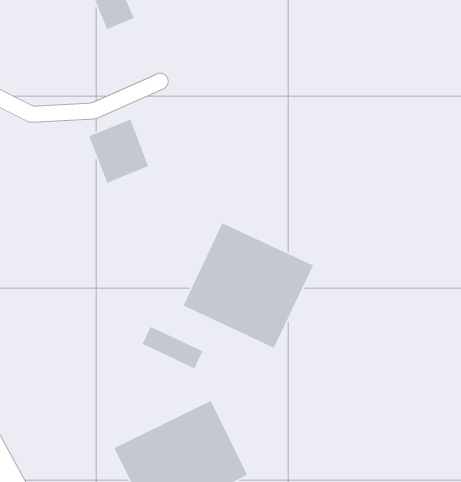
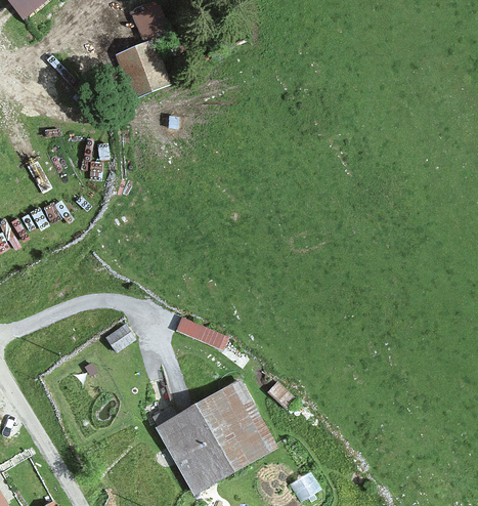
building: [88,118,149,184] -> [116,37,173,98]
building: [183,222,314,349] -> none

